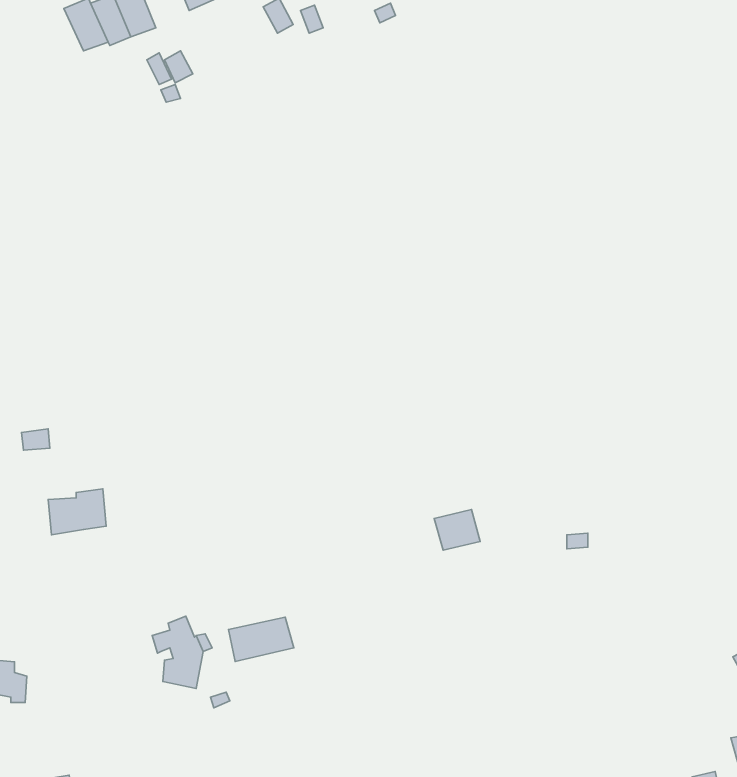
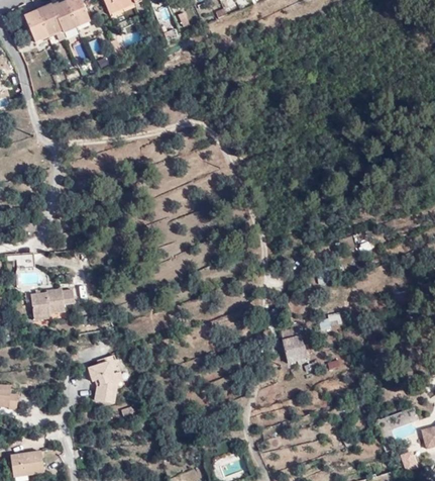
building: none -> [24,12,49,42]
building: [434,510,480,550] -> [283,339,309,362]
building: [229,617,294,661] -> none

